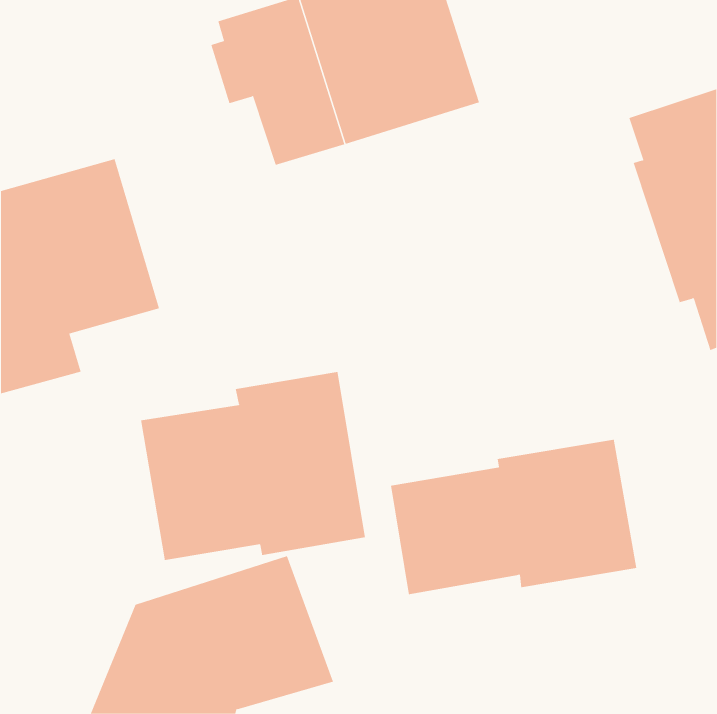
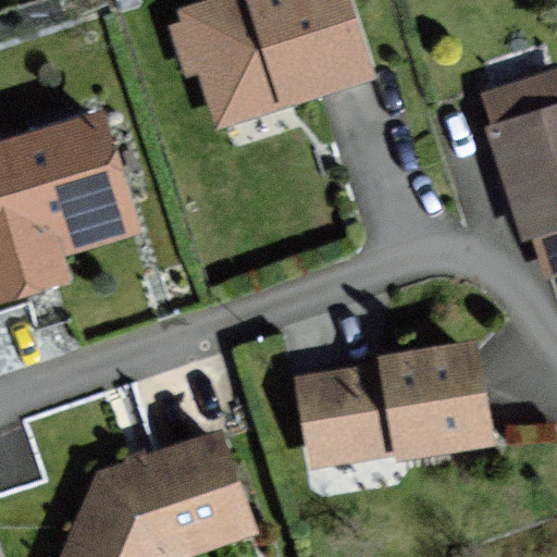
building: [141,371,365,561] -> none

